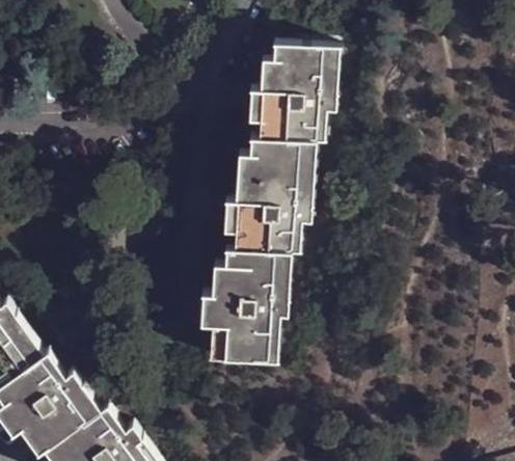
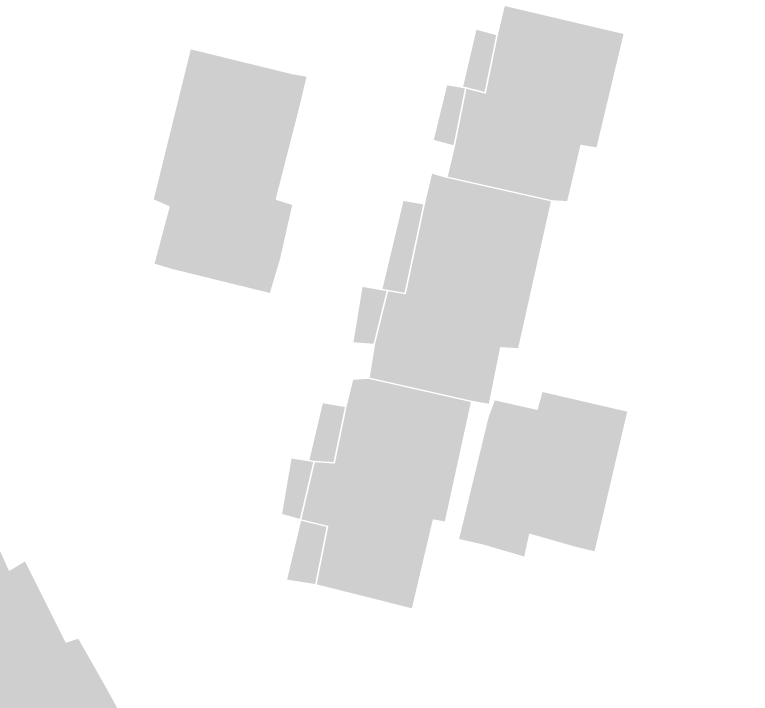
building: none -> [153,49,307,294]
building: none -> [458,391,628,557]

